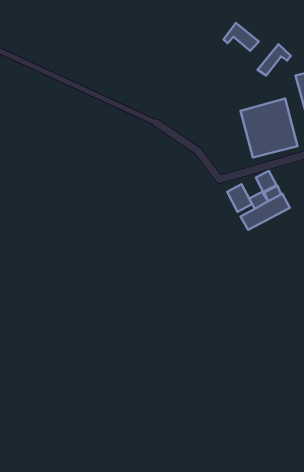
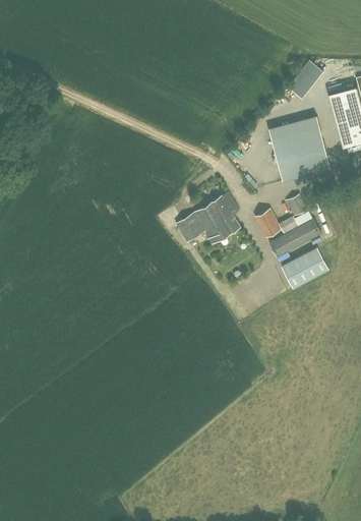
building: [223,23,259,51] -> none
building: none -> [176,192,240,244]
building: none -> [281,245,330,287]

